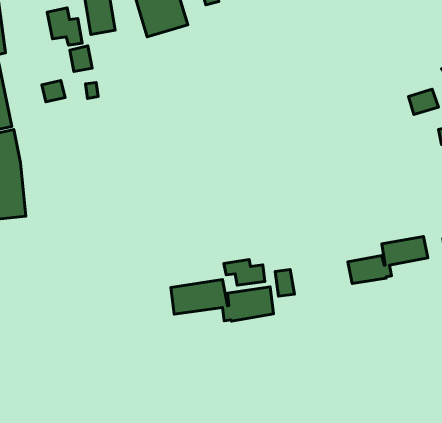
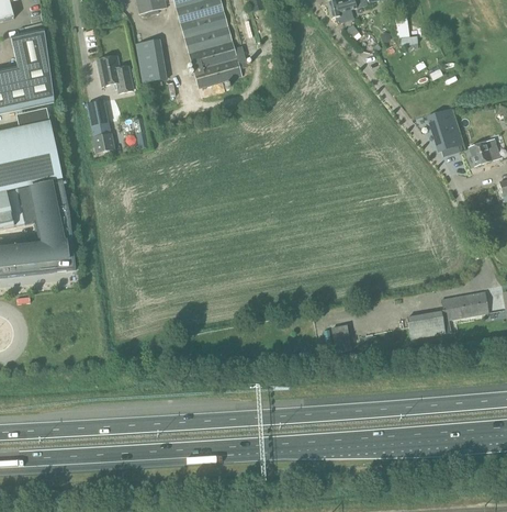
building: [70,46,92,71] -> [86,98,109,124]
building: none -> [429,108,462,149]
building: [224,260,265,285] -> none
building: [171,279,274,321] -> none

